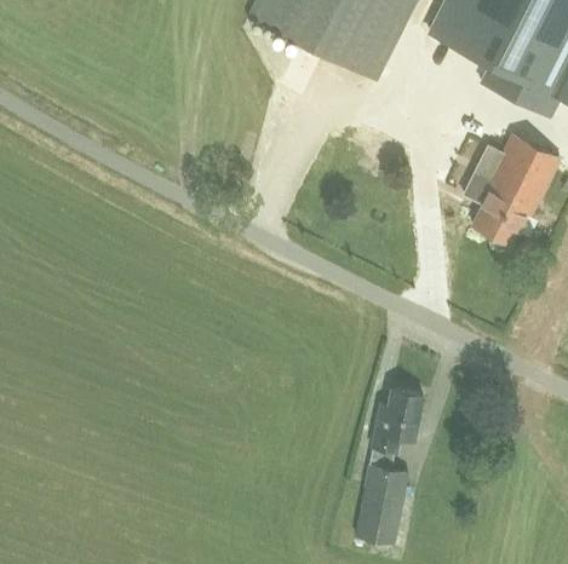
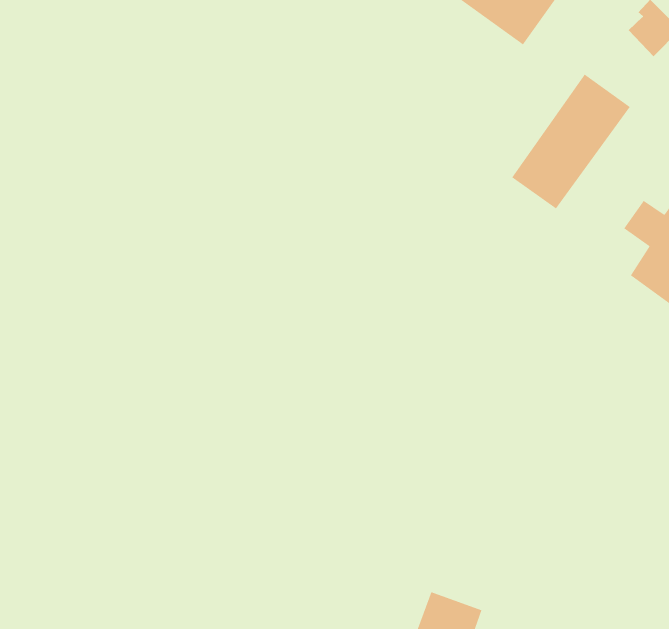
building: none -> [511,73,631,210]
building: [373,387,424,450] -> none

